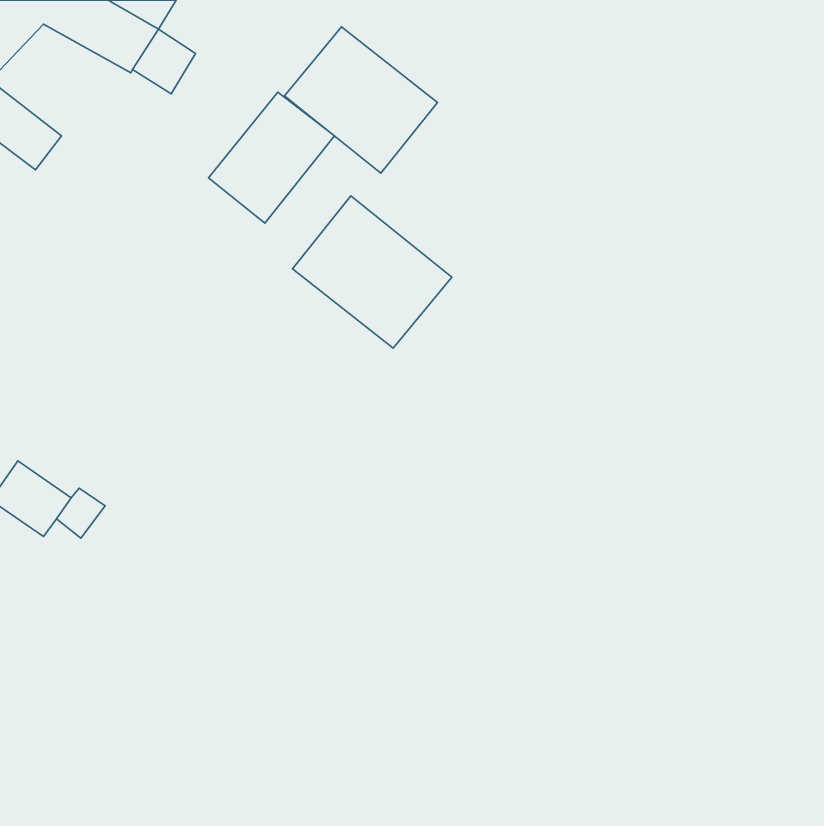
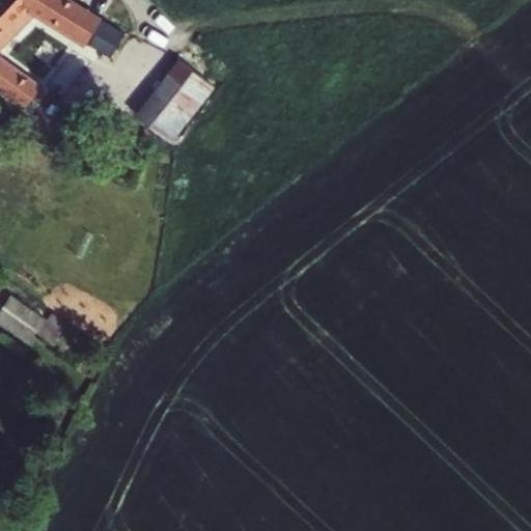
building: [285,27,437,173] -> none
building: [292,196,452,348] -> none

